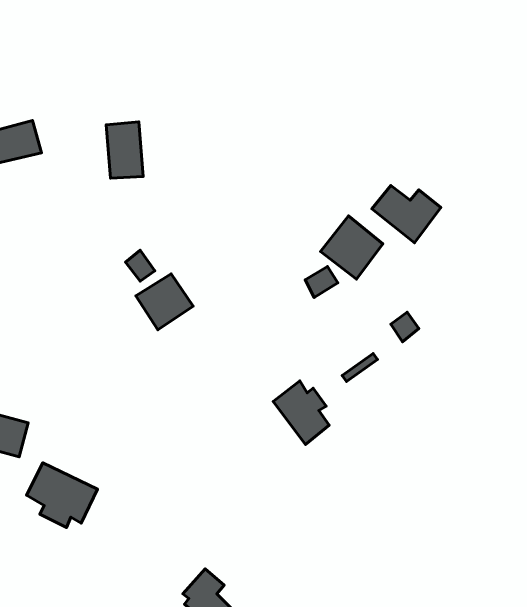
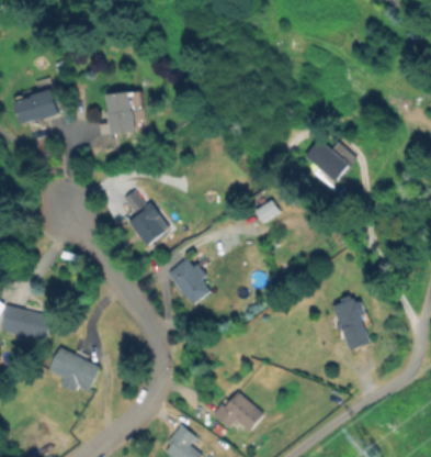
building: [321,216,383,279] -> none
building: [273,381,329,444] -> [168,258,209,305]
building: none -> [332,298,371,350]
building: none -> [212,391,263,432]

